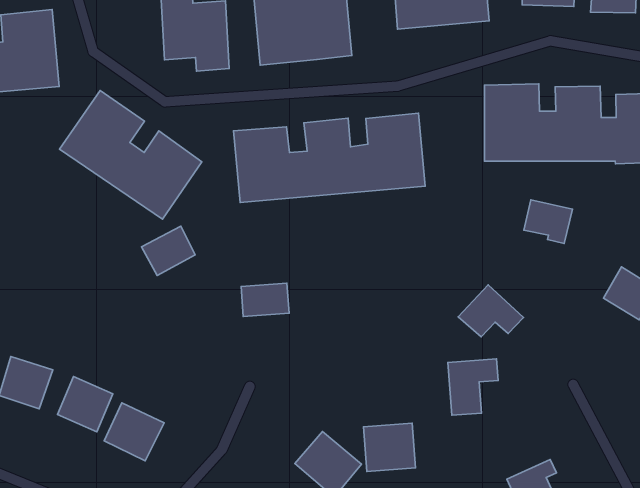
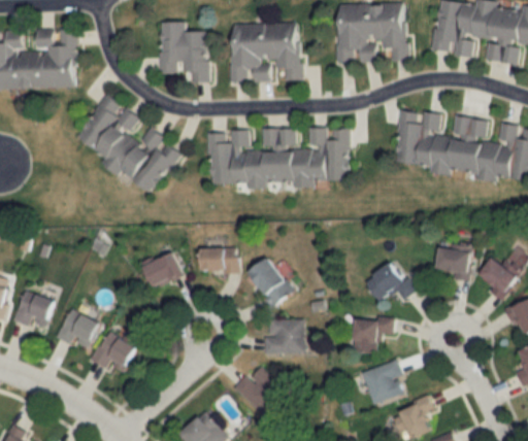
building: [524,200,572,244] -> [435,246,473,281]
building: [141,226,195,275] -> [143,252,184,289]
building: none -> [249,259,294,306]
building: none -> [362,362,404,402]
building: [364,423,416,471] -> [266,319,303,353]

